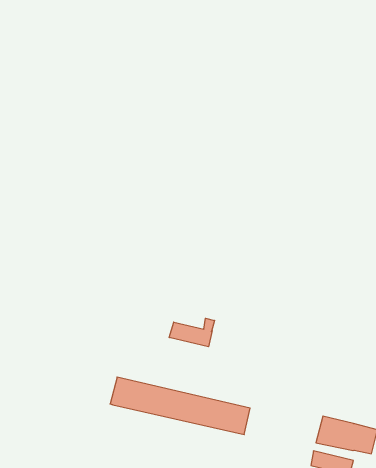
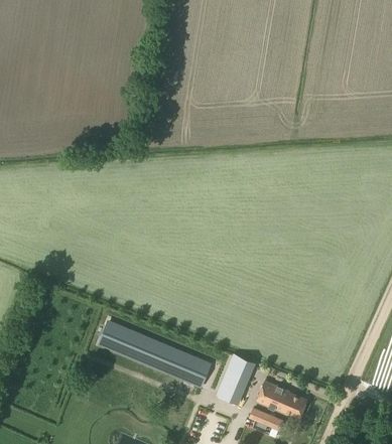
building: [169,318,215,347] -> none
building: none -> [218,354,255,404]

